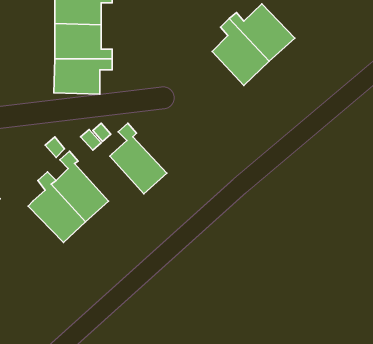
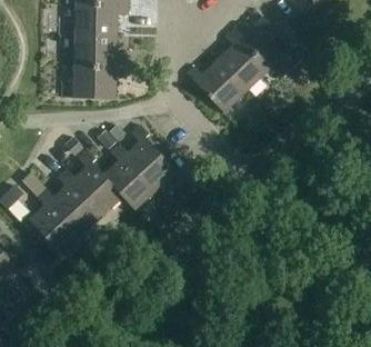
building: none -> [186,59,244,111]
building: none -> [101,143,153,208]
building: none -> [28,188,80,252]

